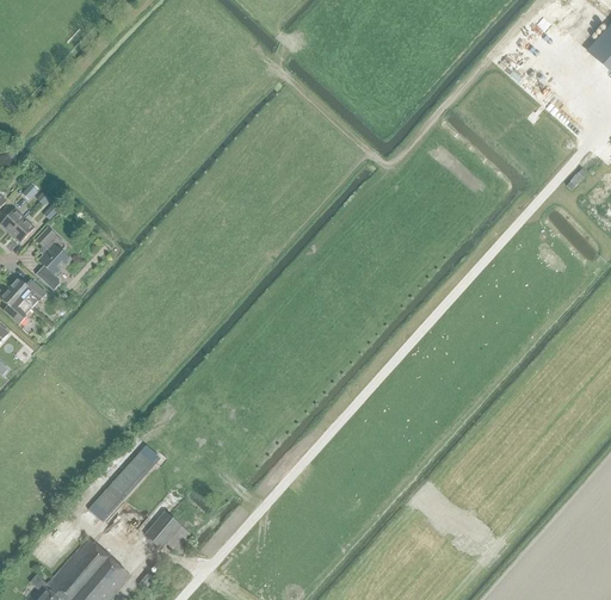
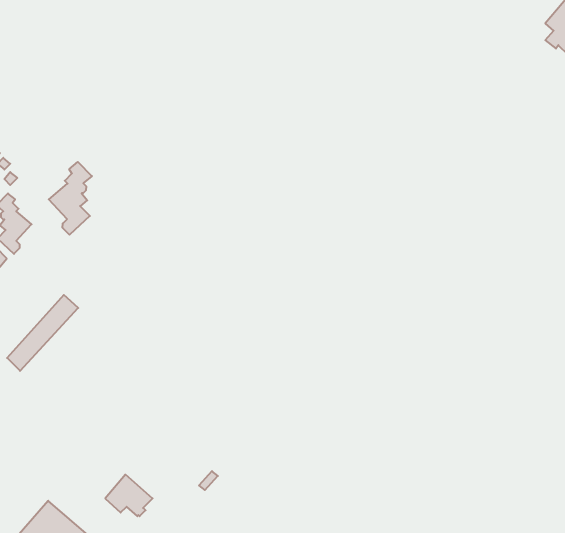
building: none -> [49,162,92,235]
building: [90,444,161,520] -> [7,295,78,371]

